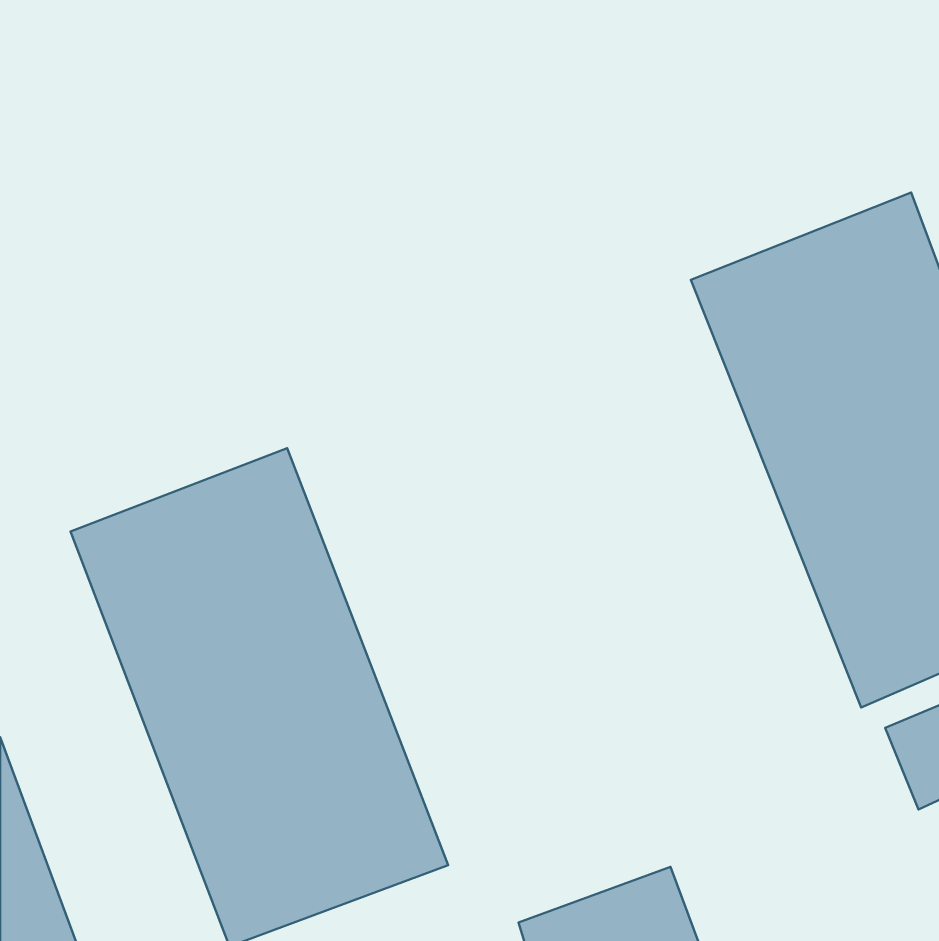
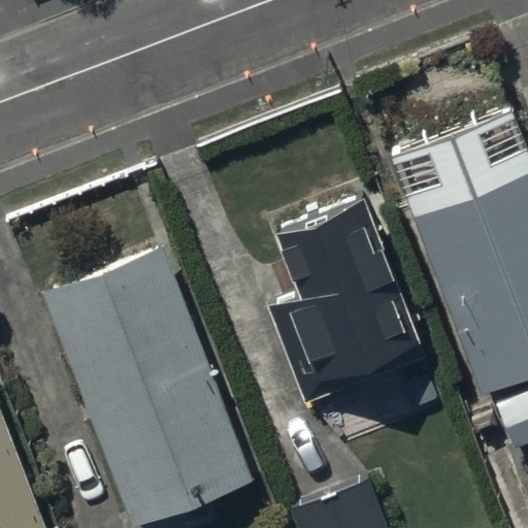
building: none -> [269,192,423,392]

